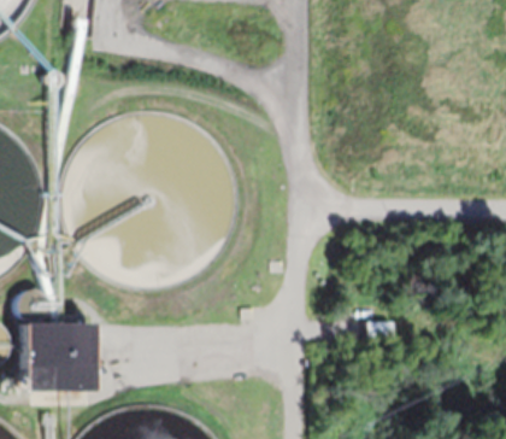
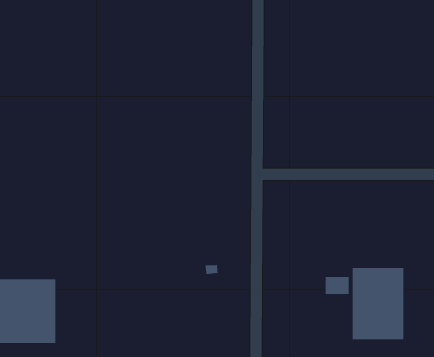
building: none -> [352,267,404,340]

